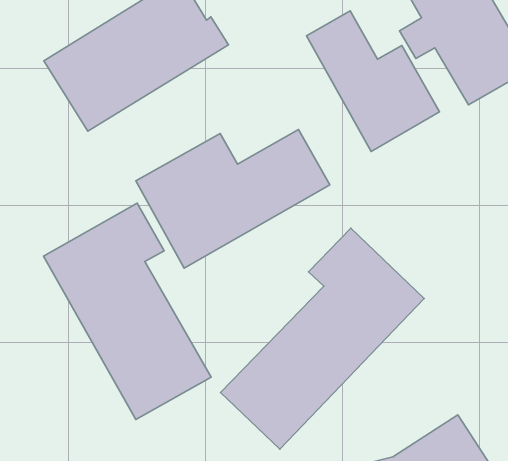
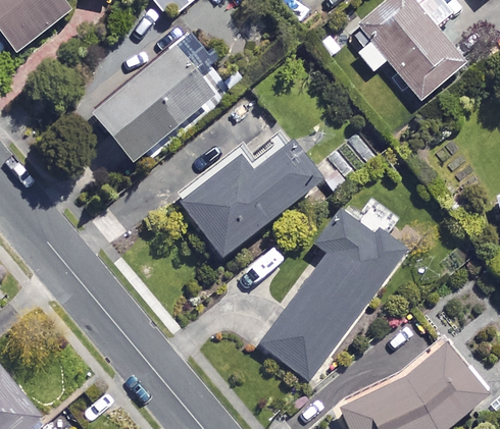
building: [306,11,440,151] -> none
building: [43,203,211,420] -> none

